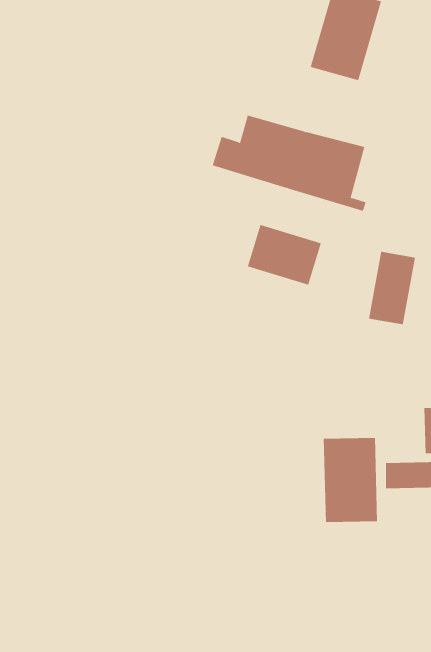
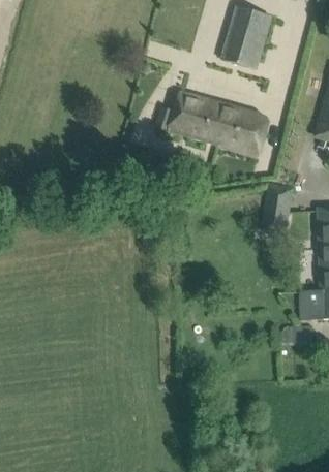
building: [247,224,321,285] -> none
building: [323,437,378,523] -> none

